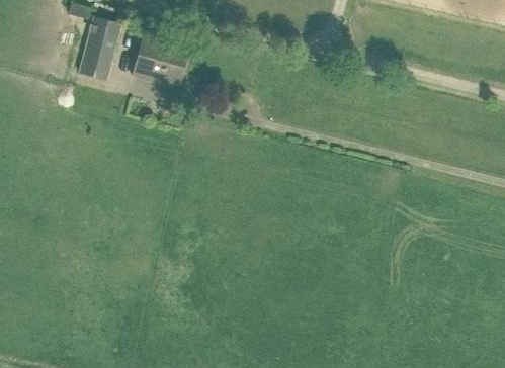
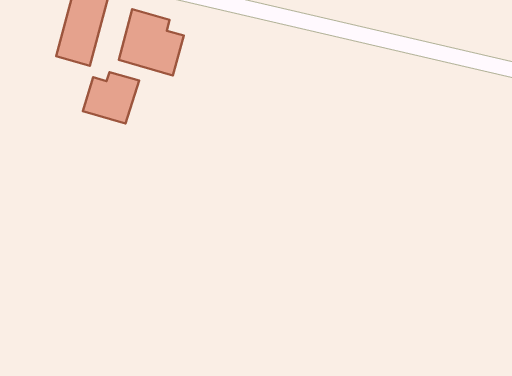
building: none -> [83,72,139,124]

